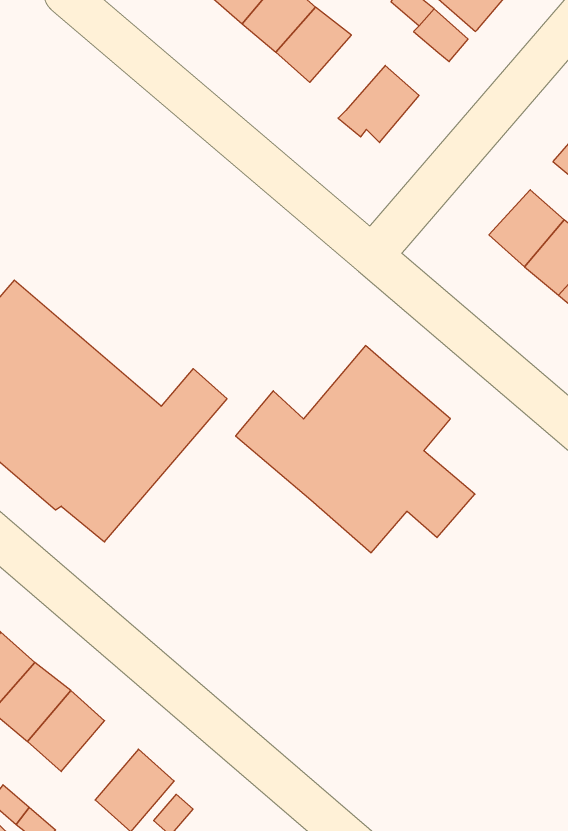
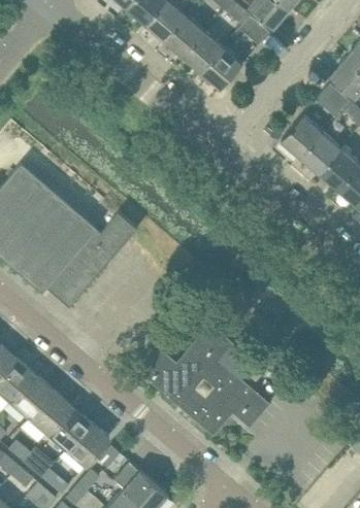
building: none -> [183,30,224,71]
building: [236,346,475,553] -> [139,321,270,435]
building: none -> [46,405,89,448]

